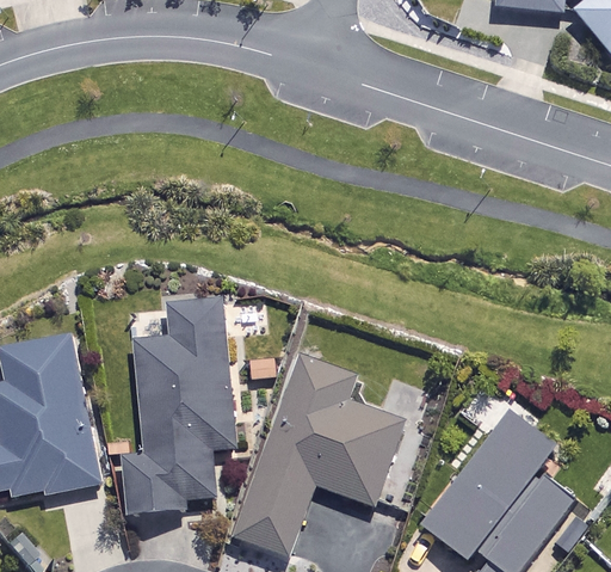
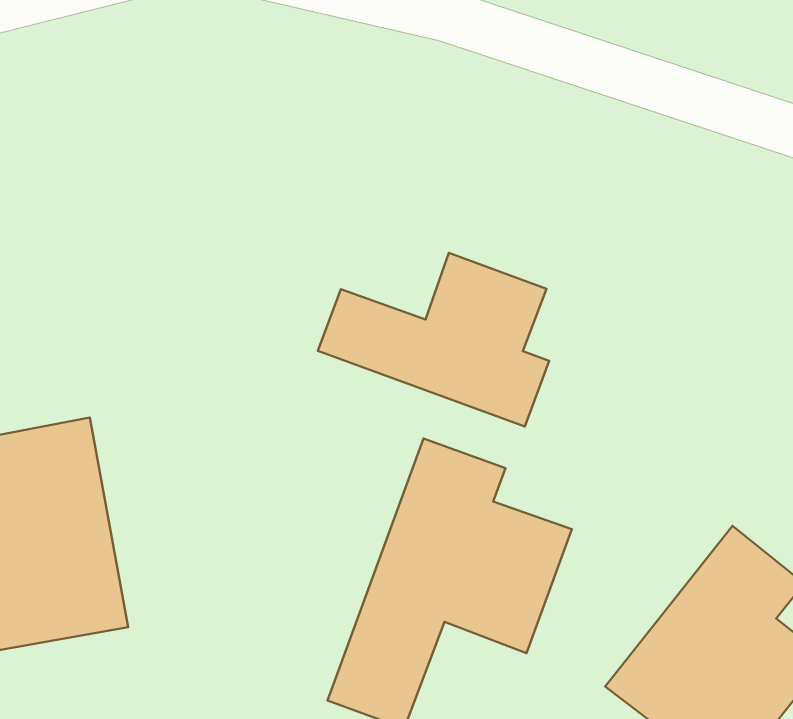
building: none -> [318,253,549,427]
building: [123,297,234,513] -> none

